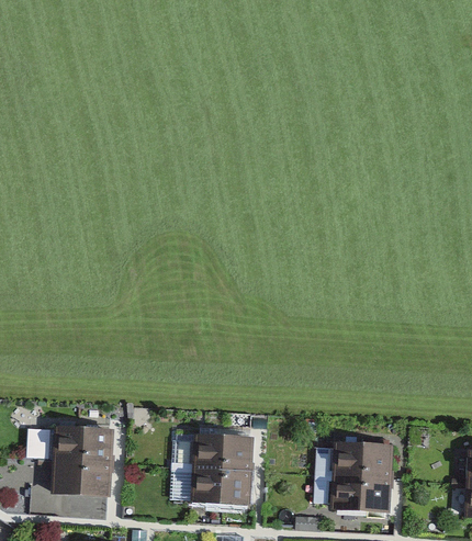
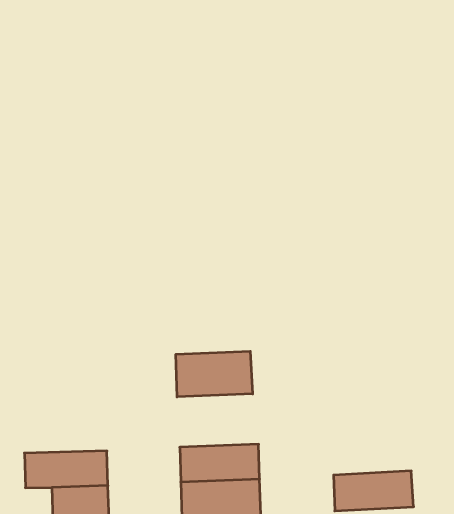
building: none -> [176,351,253,397]
building: [317,442,390,477] -> none

